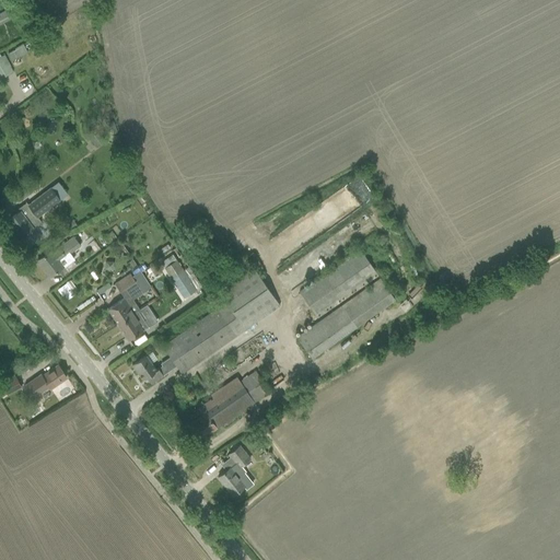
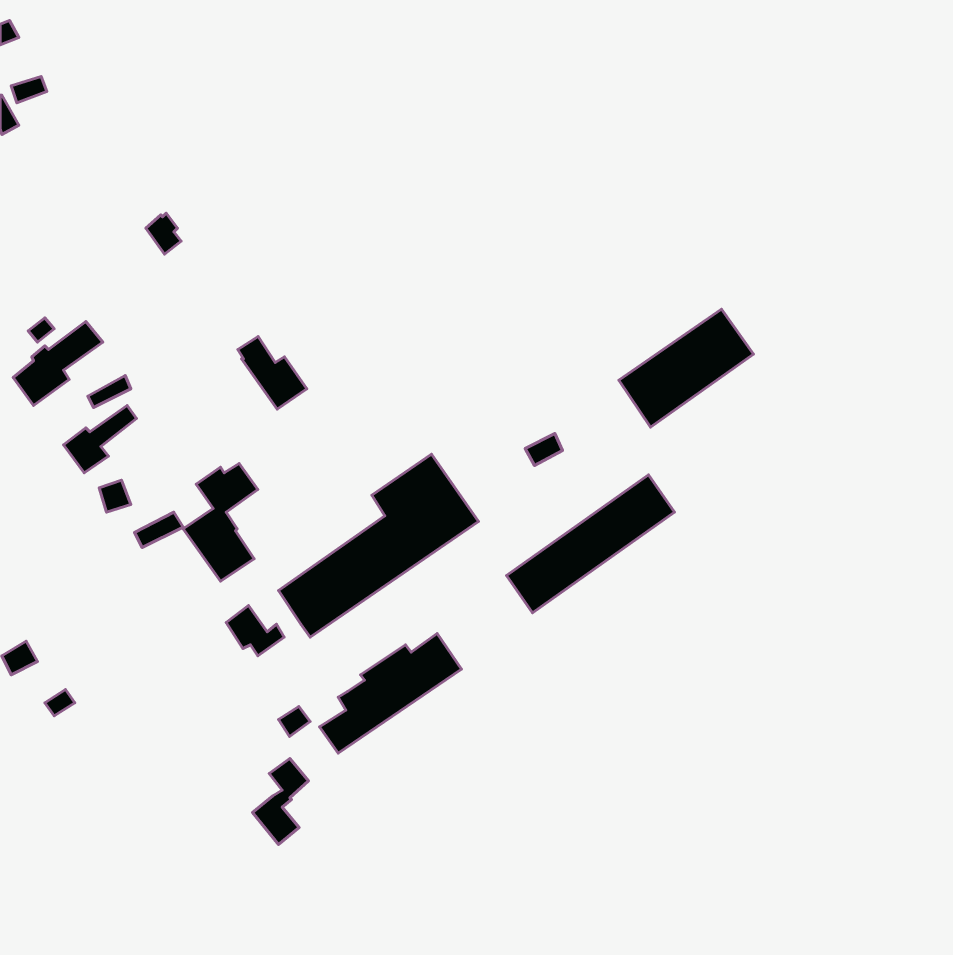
building: [300,249,378,318] -> [619,309,753,427]
building: [162,255,202,298] -> [238,336,307,409]
building: [25,365,68,398] -> none
building: [219,445,252,495] -> [252,758,308,844]

